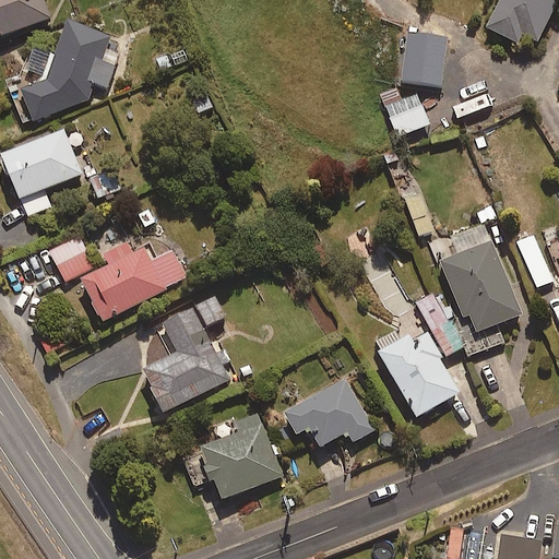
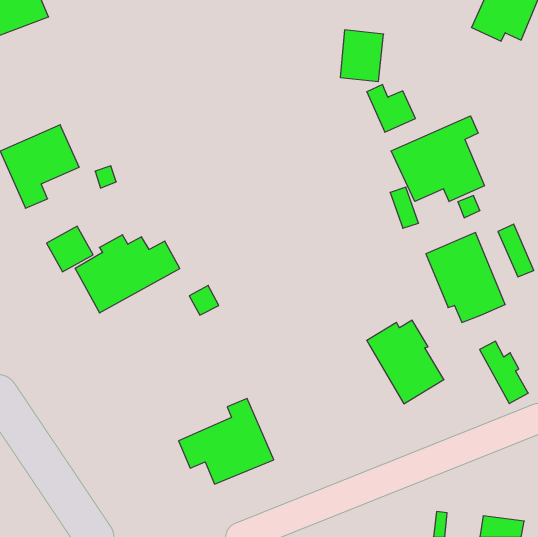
building: [23,22,119,121] -> none
building: [402,32,447,85] -> [340,30,384,82]
building: none -> [391,116,484,202]
building: [415,292,465,356] -> [480,341,528,404]
building: [141,308,229,413] -> none
building: [284,379,373,447] -> none

